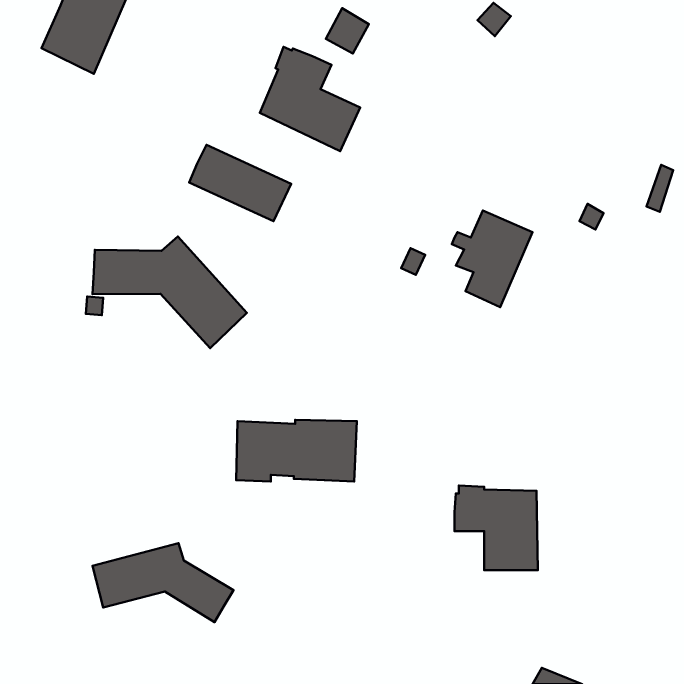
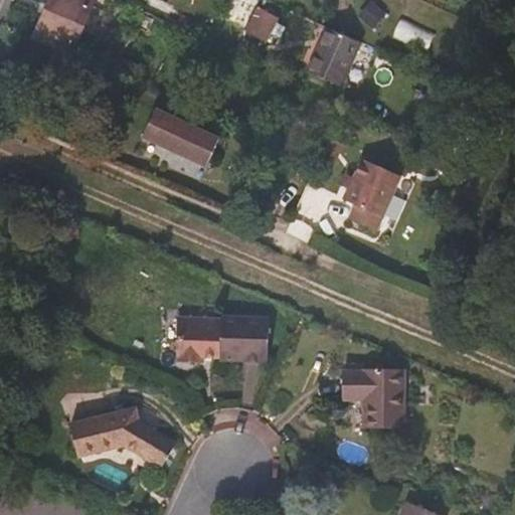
building: none -> [308,27,358,84]
building: [260,47,360,151] -> none
building: [93,236,247,348] -> none

